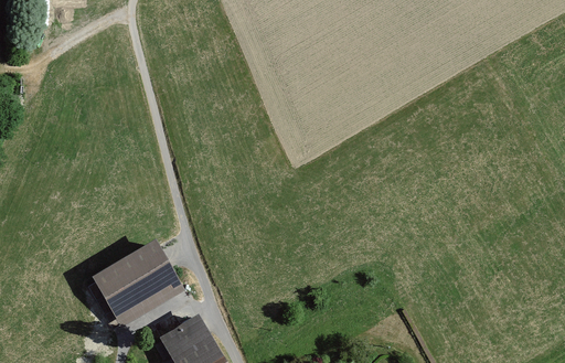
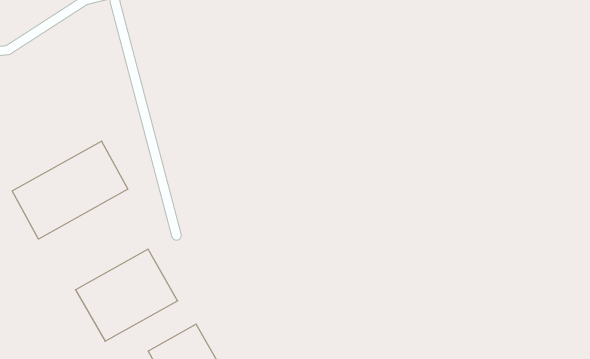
building: none -> [12,141,128,239]

